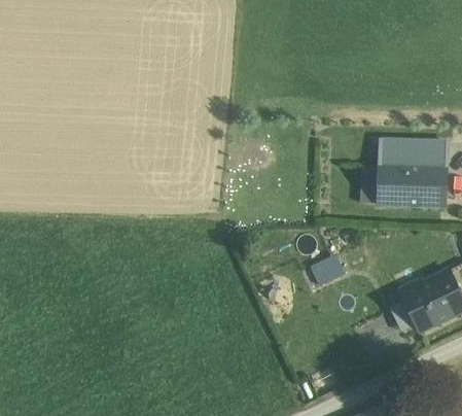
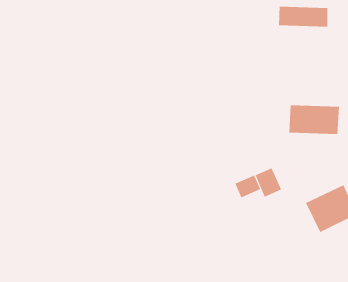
building: [382,142,446,169] -> [278,6,328,27]
building: none -> [255,167,282,197]

